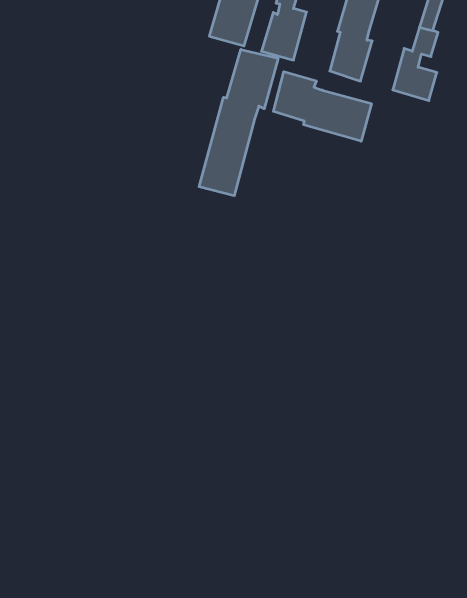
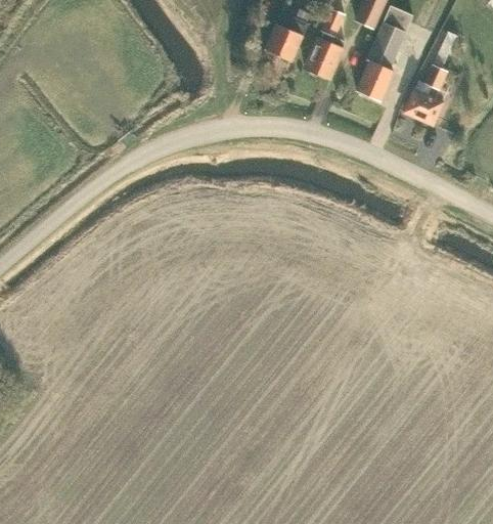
building: [199,49,278,196] -> none
building: [273,72,371,141] -> none

